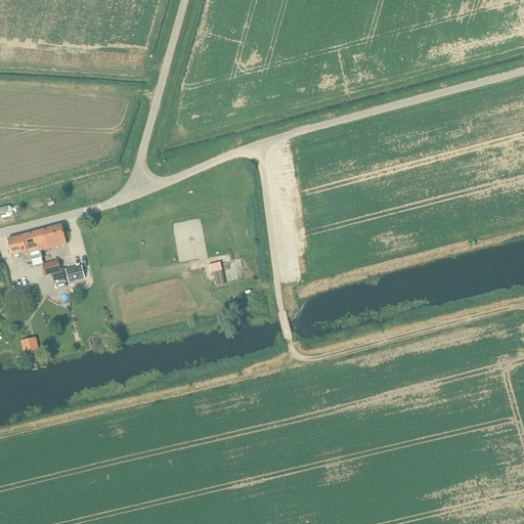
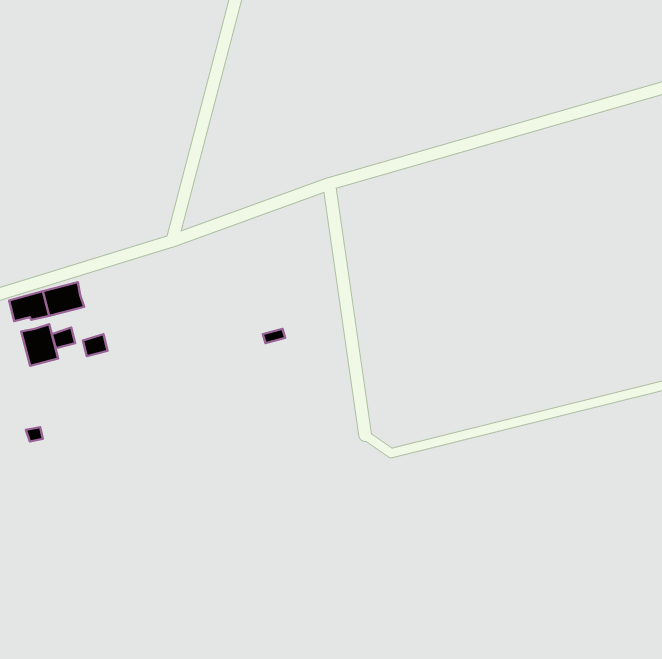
building: none -> [21,324,58,366]

